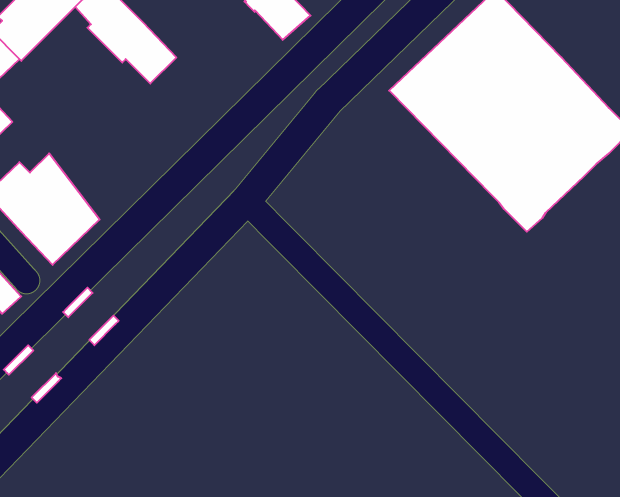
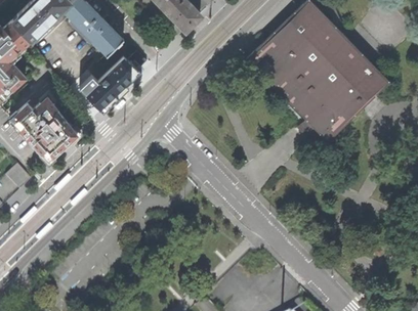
building: none -> [79,50,144,110]

